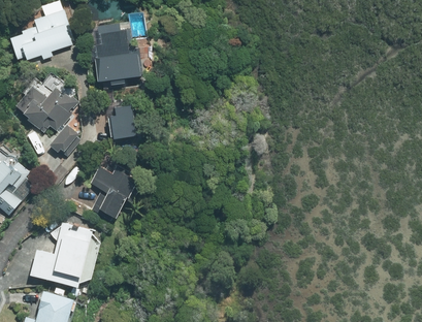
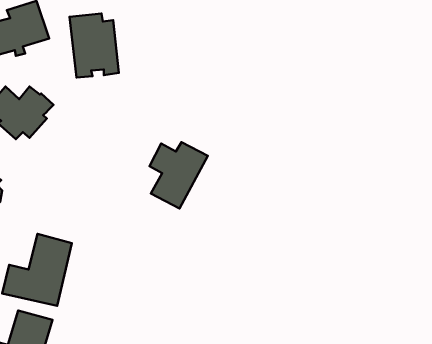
building: [110,104,137,137] -> none
building: [50,126,78,159] -> none
building: [88,163,140,223] -> [150,142,208,209]

